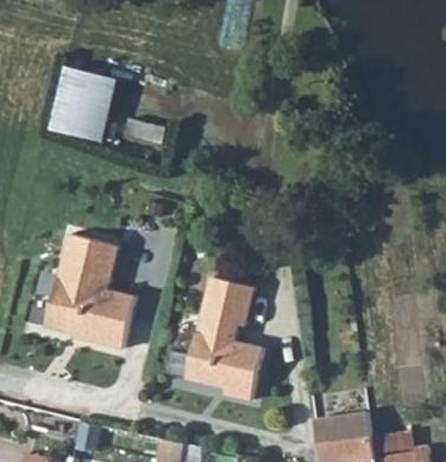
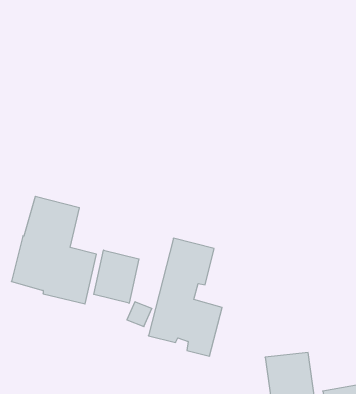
building: [50,67,118,143] -> none
building: none -> [94,250,139,303]

